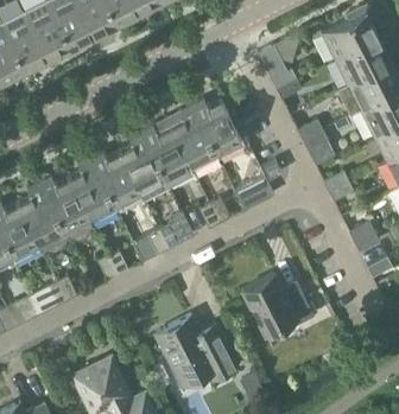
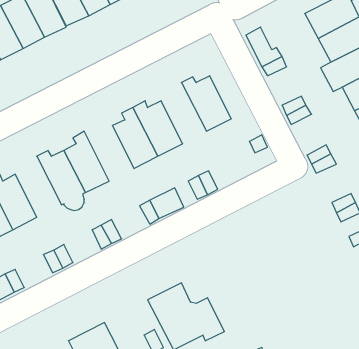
building: [170,106,217,170] -> none
building: [89,151,141,209] -> none
building: [235,176,274,210] -> none
building: [17,183,65,253] -> none
building: [242,274,314,335] -> none

